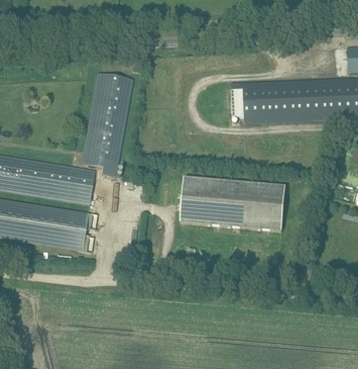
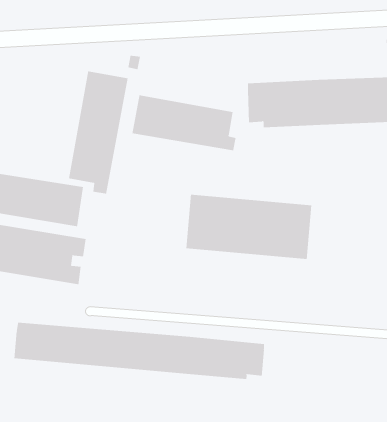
building: none -> [132,94,236,151]
building: none -> [14,322,265,380]

